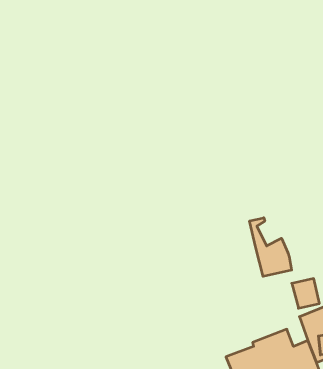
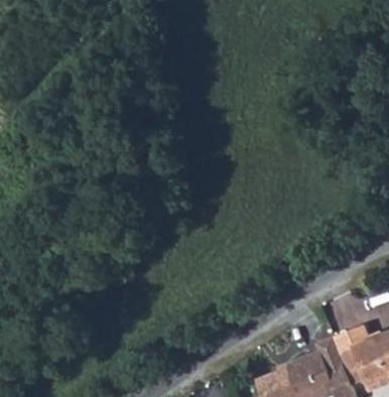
building: [250,218,292,276] -> none

